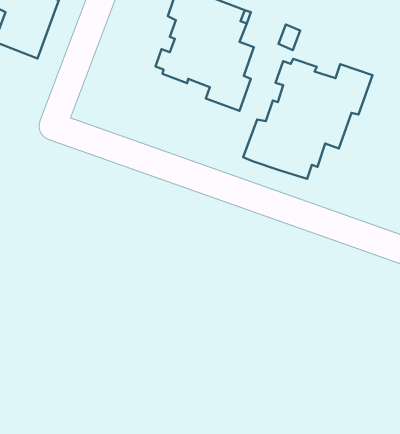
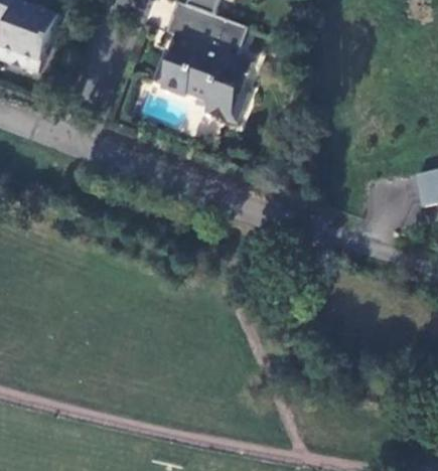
building: [243,59,373,179] -> none

